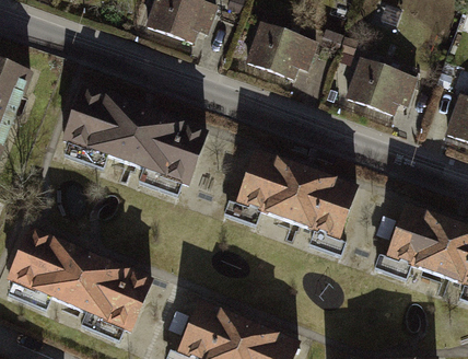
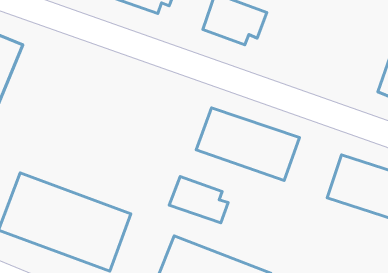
building: [342,56,416,114] -> none
building: [63,85,203,184] -> none
building: none -> [169,177,228,223]

